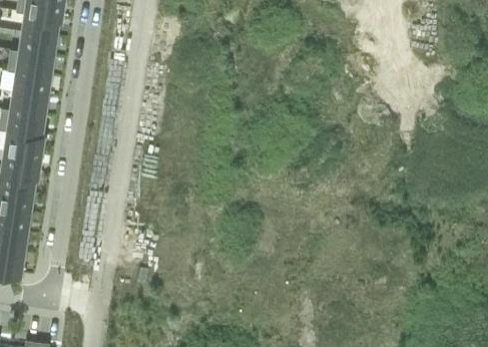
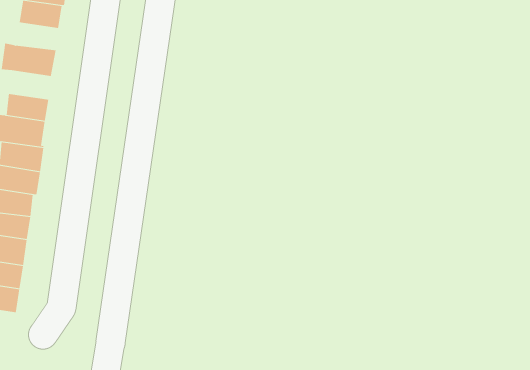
building: [20,30,56,53] -> none
building: [14,70,50,94] -> none

